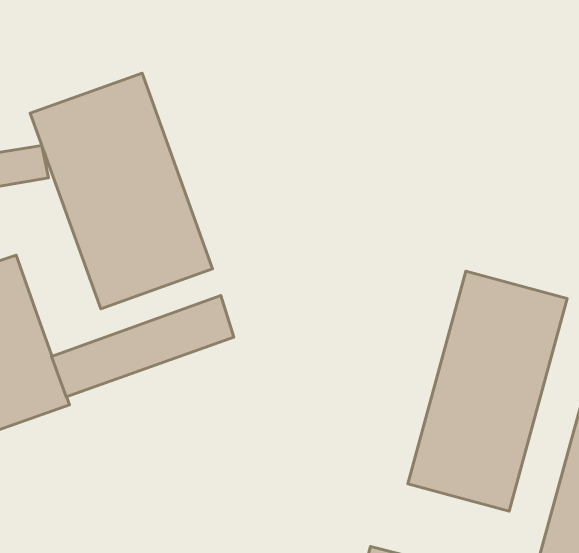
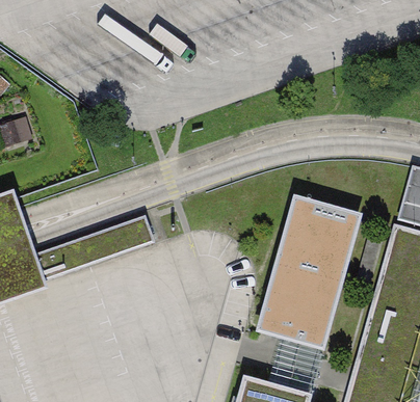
building: [30,73,212,309] -> none

